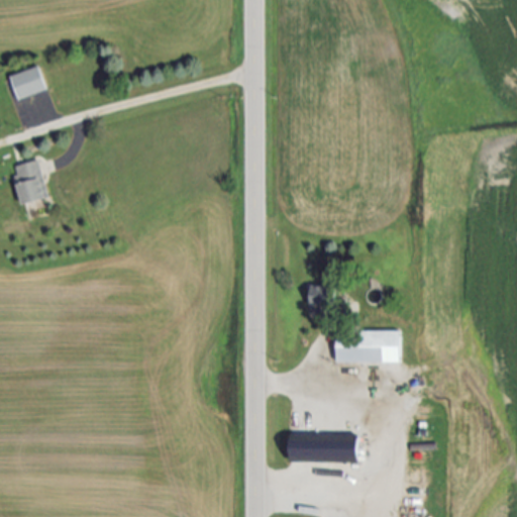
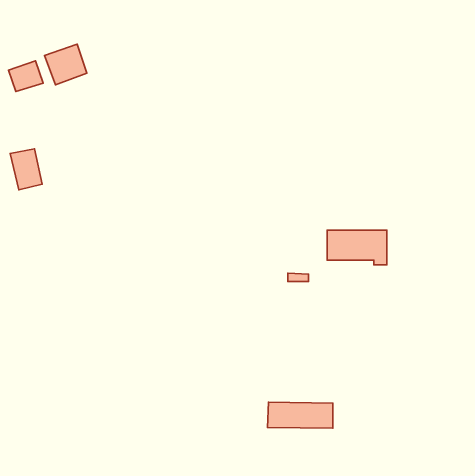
building: none -> [45,44,87,85]
building: [335,330,400,368] -> [327,230,387,265]

